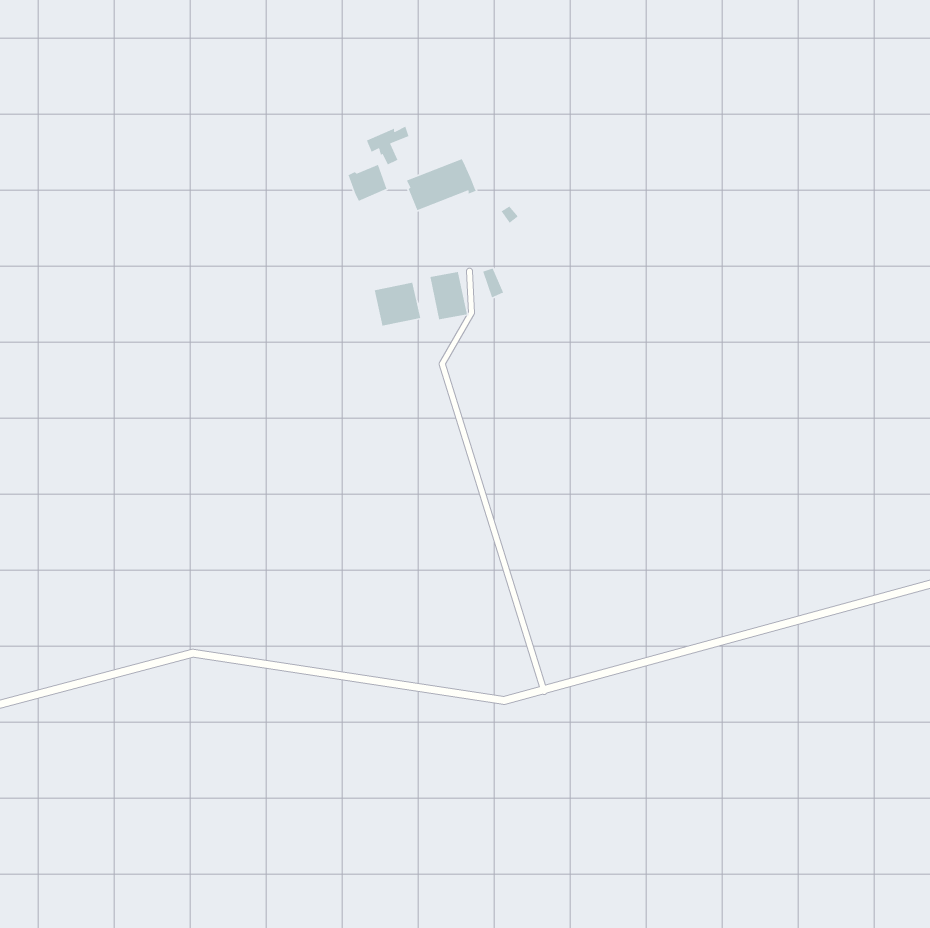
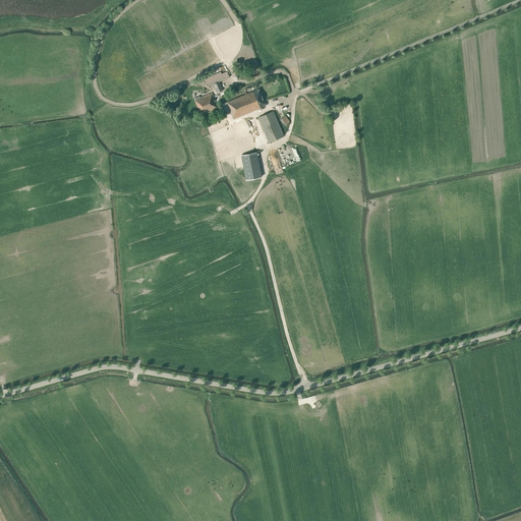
building: none -> [257,111,283,141]
building: [374,282,421,327] -> none

